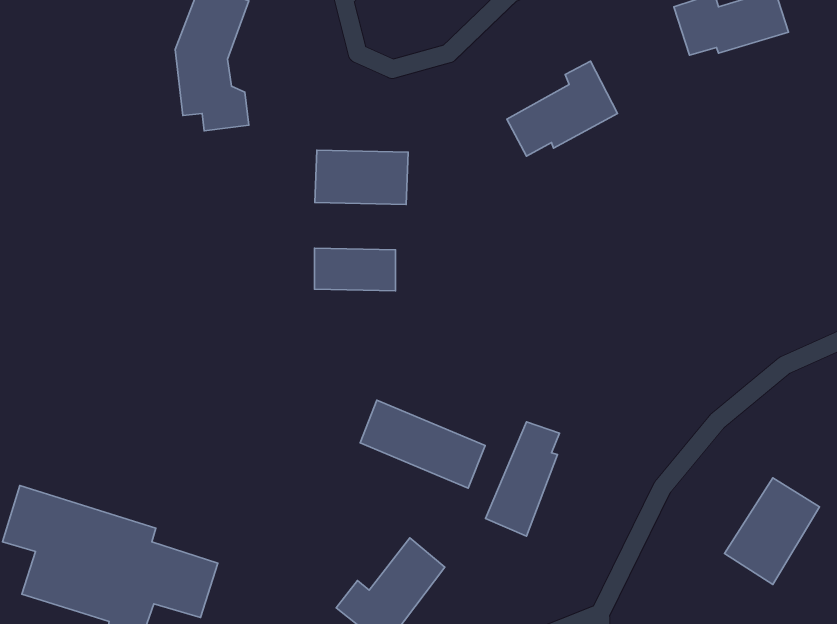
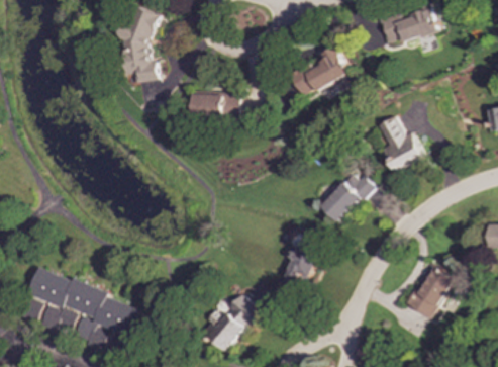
building: none -> [377,115,423,171]
building: [314,248,396,291] -> none
building: none -> [320,169,372,221]
building: [360,400,485,488] -> none

